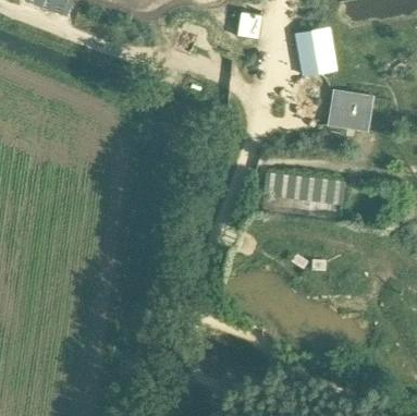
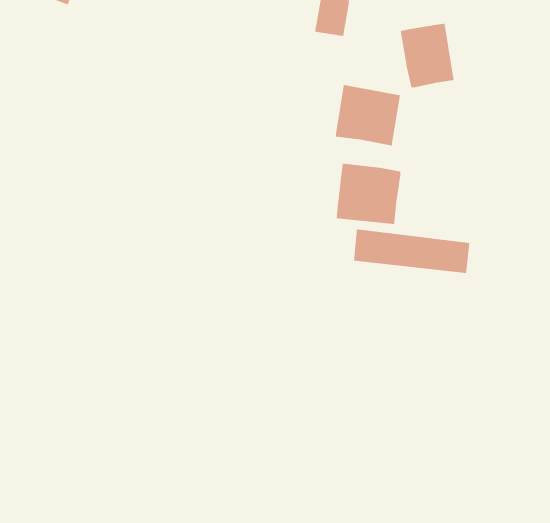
building: [328,87,373,131] -> [335,84,401,146]
building: none -> [336,163,401,225]

